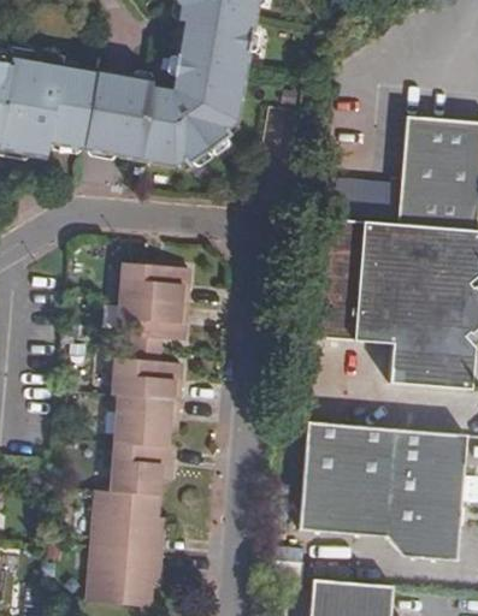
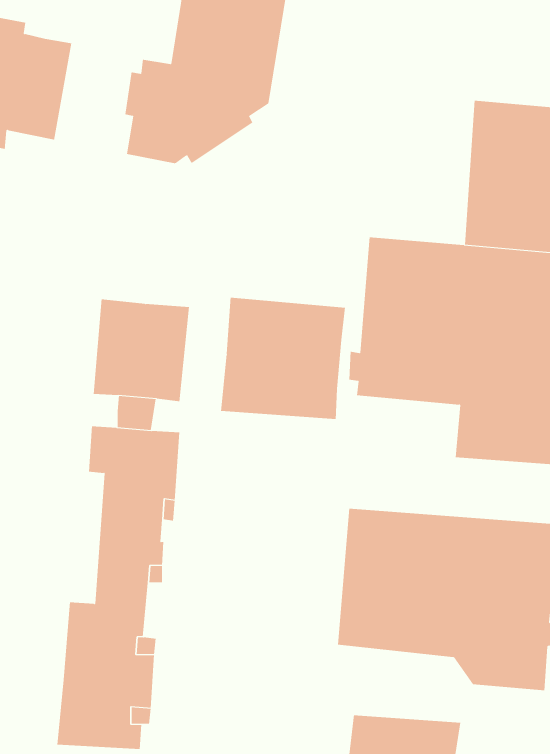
building: [85,70,153,155] -> none
building: none -> [220,297,345,420]

